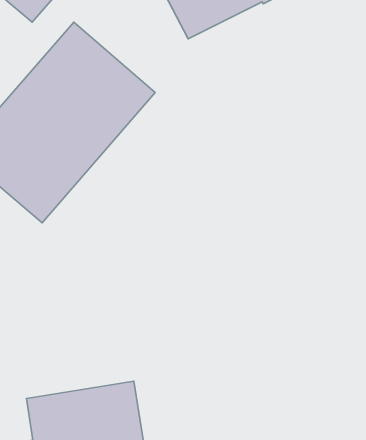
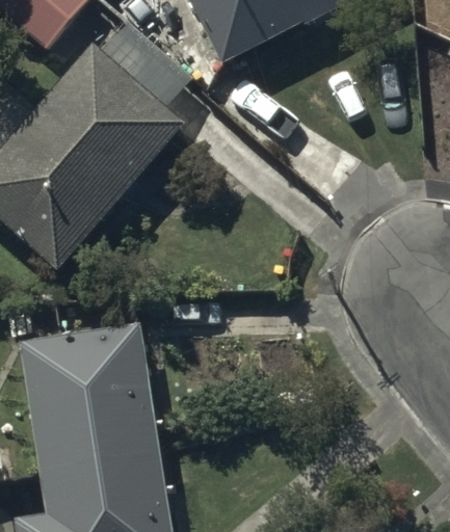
building: none -> [20,321,160,467]

